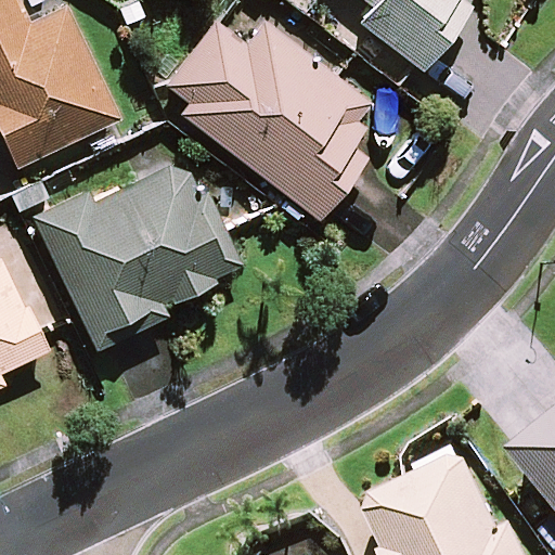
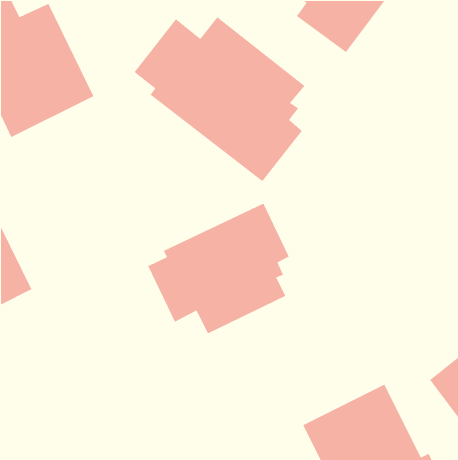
building: [33,155,241,348] -> none
building: none -> [147,203,290,334]

